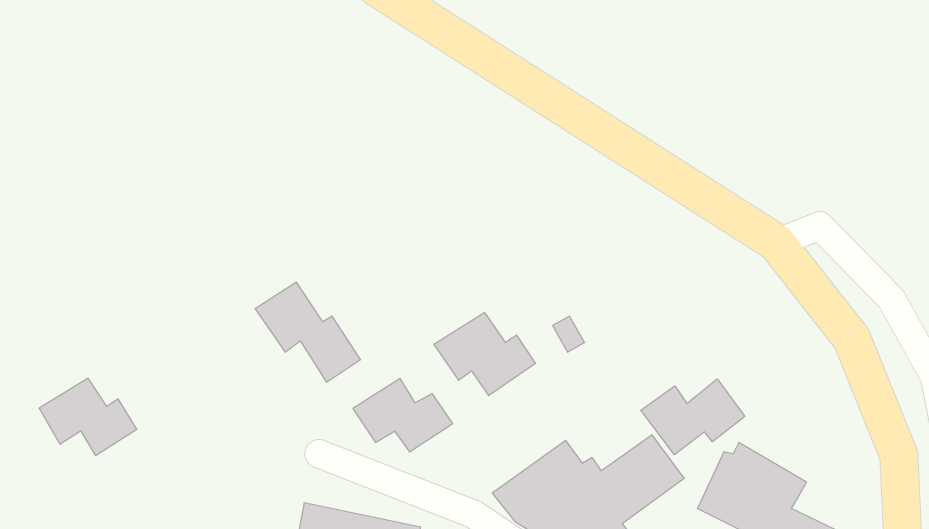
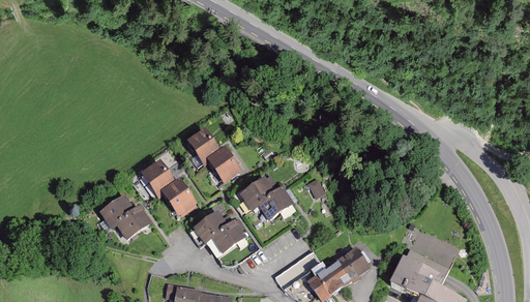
building: none -> [187,129,241,182]
building: [39,378,137,455] -> [101,194,155,237]
building: [641,379,745,455] -> none

